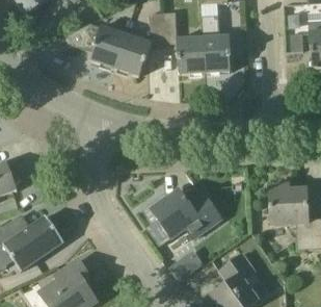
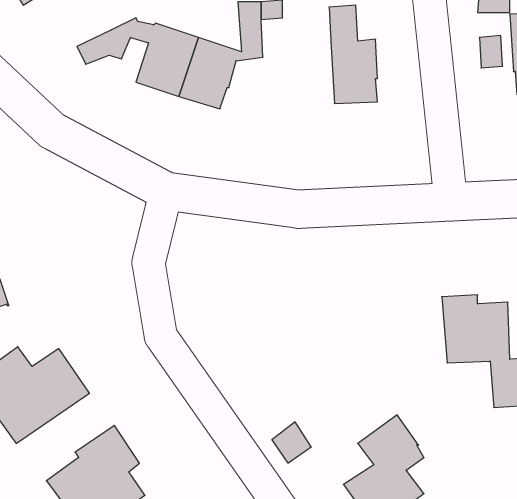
building: [176,36,206,74] -> none
building: [151,190,221,238] -> none

